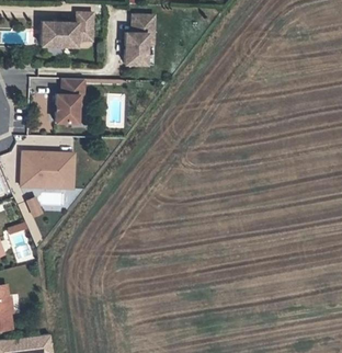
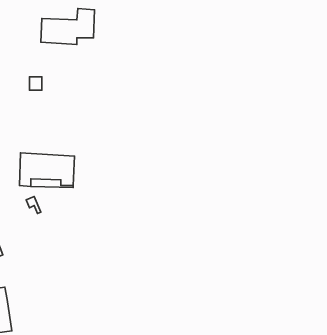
building: [124,14,153,64] -> none
building: [55,77,83,122] -> none

